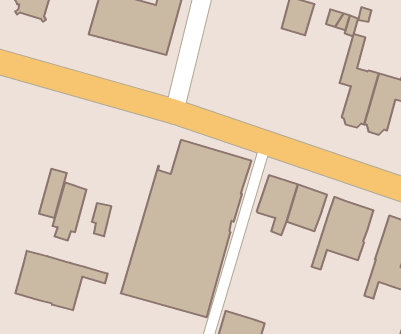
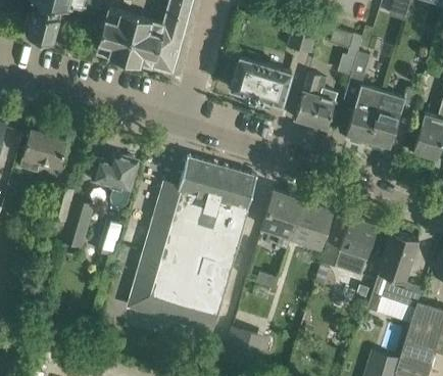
building: none -> [230,55,292,113]
building: none -> [295,74,338,130]
building: none -> [20,132,67,173]
building: none -> [92,154,139,208]
building: [15,251,108,310] -> none

